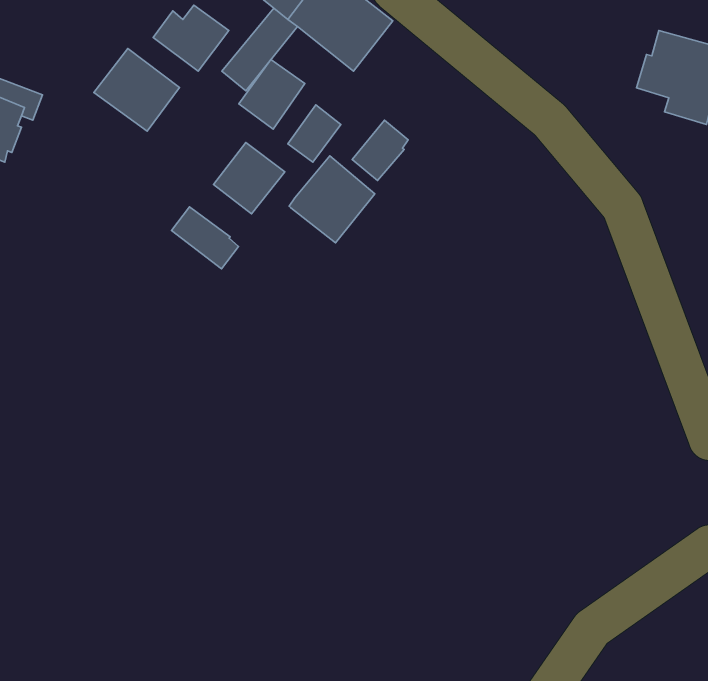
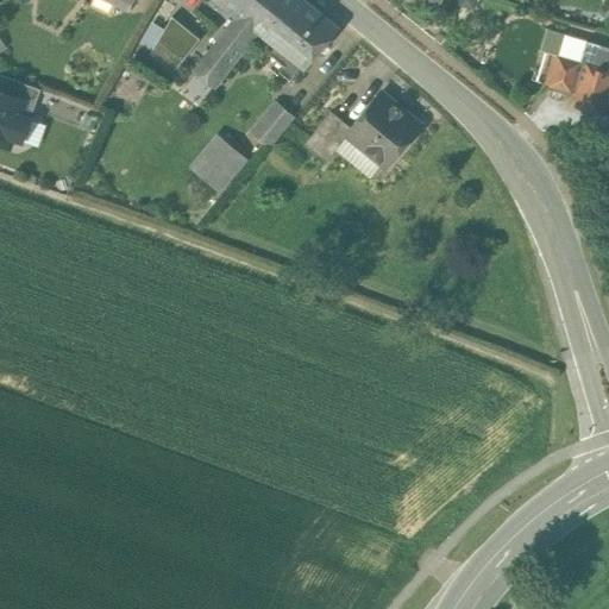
building: [94,48,180,131] -> none
building: [239,60,305,129] -> none
building: [289,156,375,243] -> [347,93,420,167]
building: [172,207,238,269] -> none

